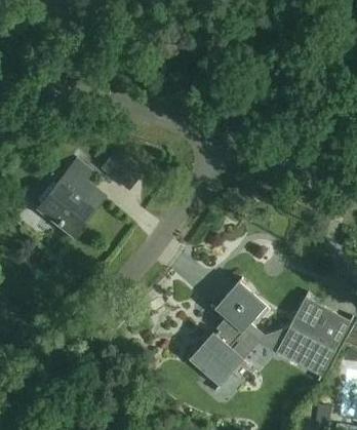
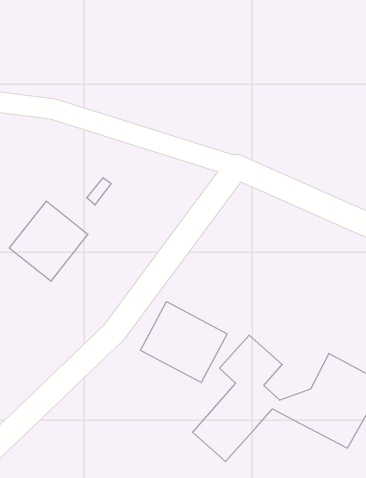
building: none -> [140,302,227,383]

